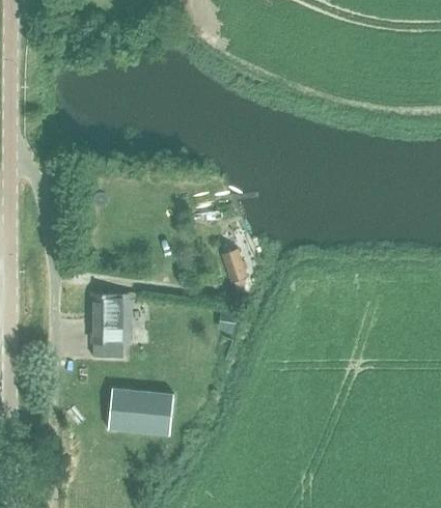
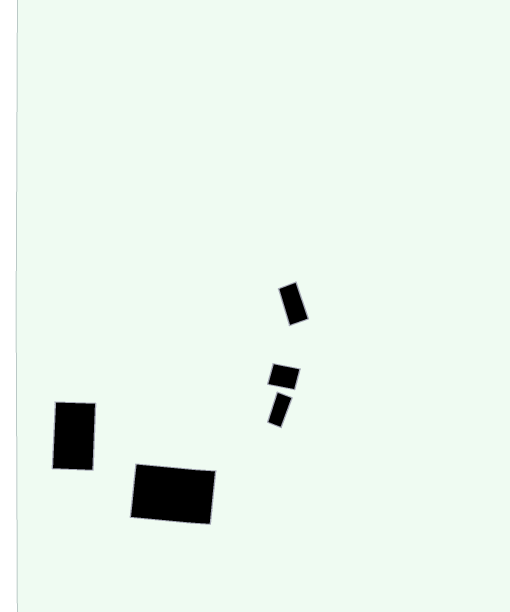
building: [95,294,129,346] -> [52,402,96,470]

